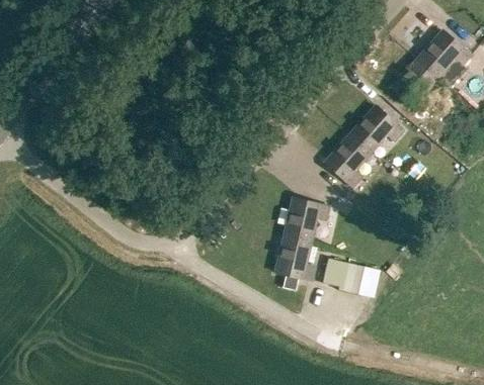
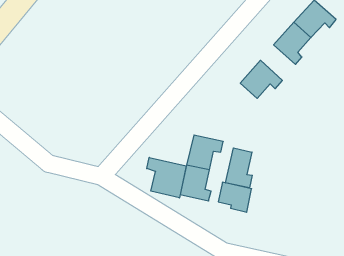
building: [325,133,372,186] -> none
building: none -> [226,148,252,188]
building: none -> [147,157,186,198]

